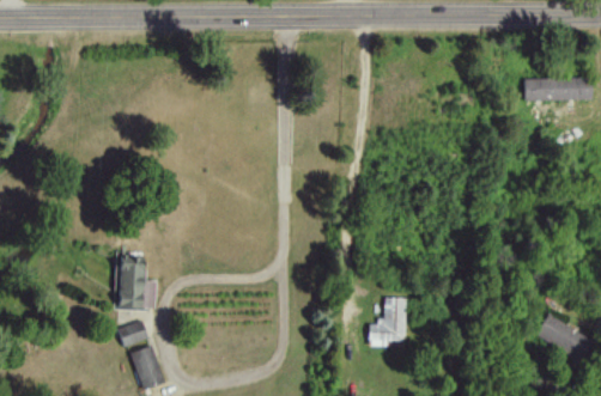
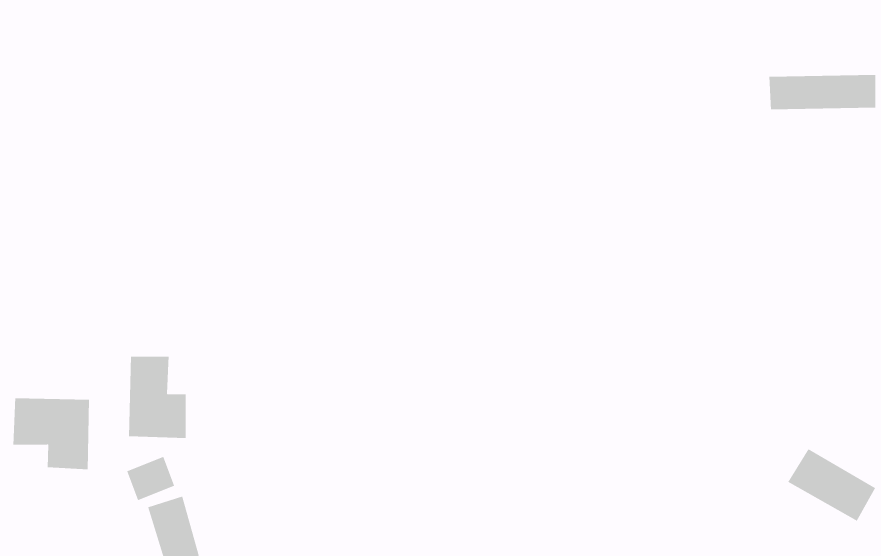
building: none -> [13,398,90,470]
building: [370,298,407,347] -> none

